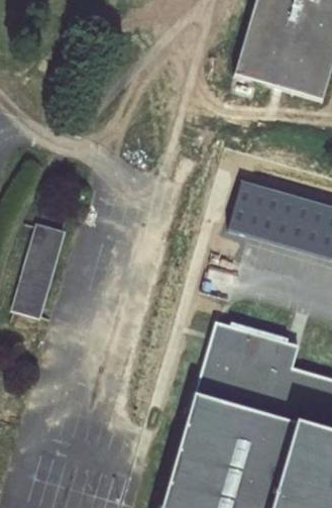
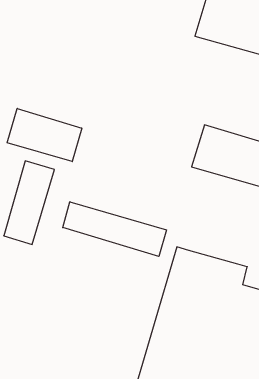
building: none -> [7,108,82,162]
building: none -> [63,202,166,256]

